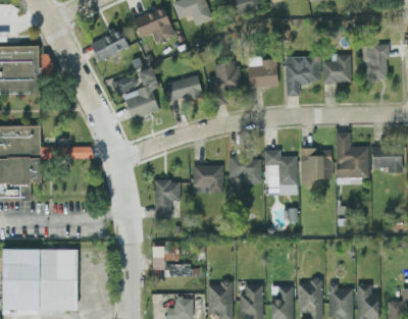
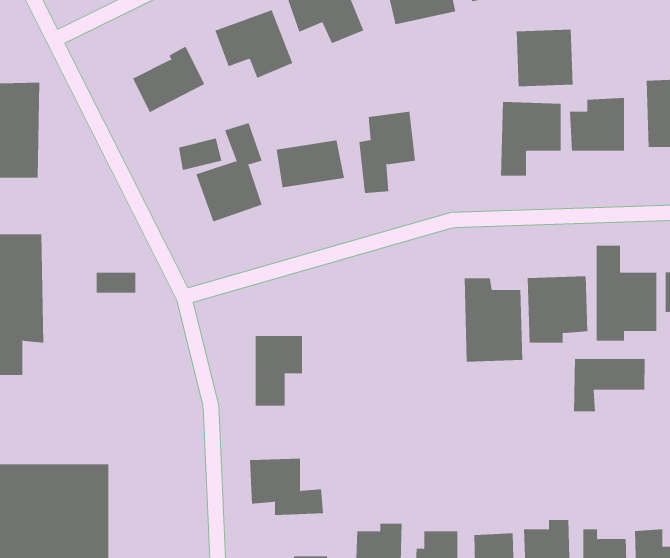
building: [247,57,277,88] -> [516,29,573,87]
building: [228,157,261,183] -> none
building: [192,165,222,193] -> none
building: none -> [574,358,645,412]

